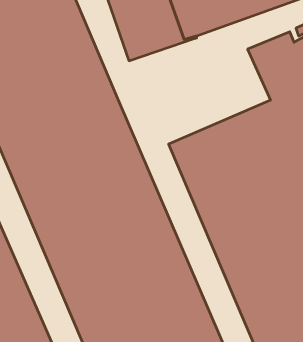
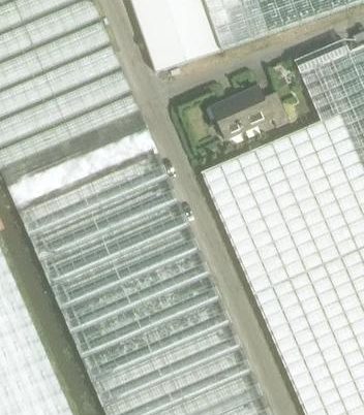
building: none -> [210,88,287,140]

